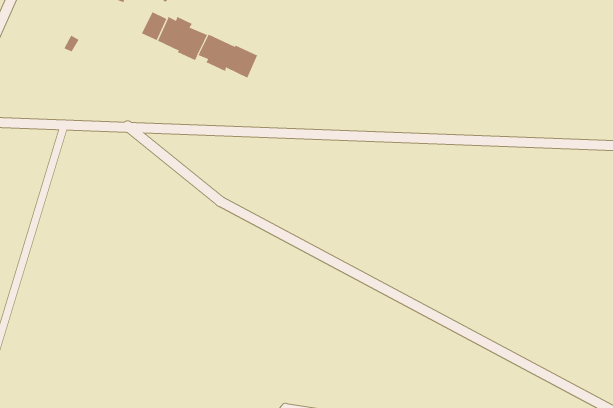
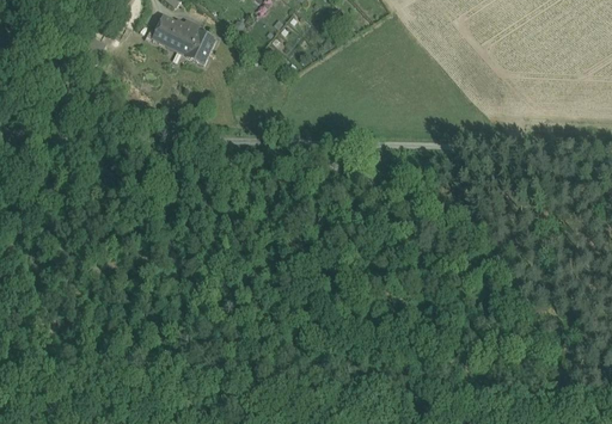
building: [198,34,258,78] -> none

